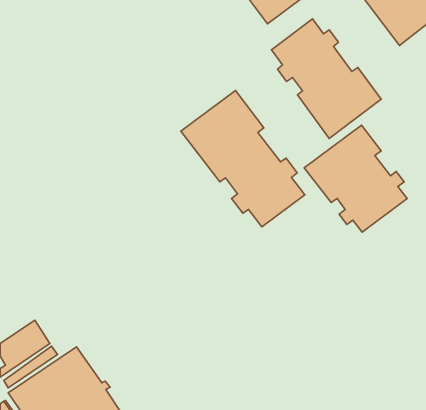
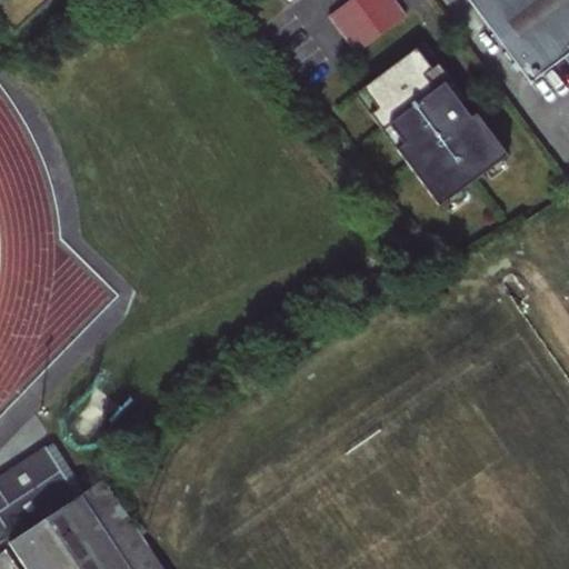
building: [181,91,305,227] -> none
building: [304,125,407,232] -> none

